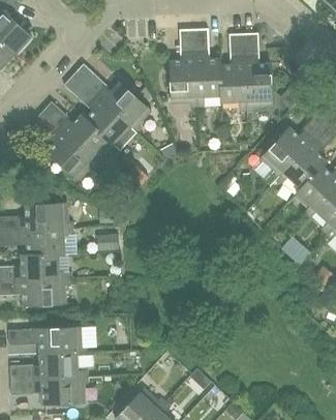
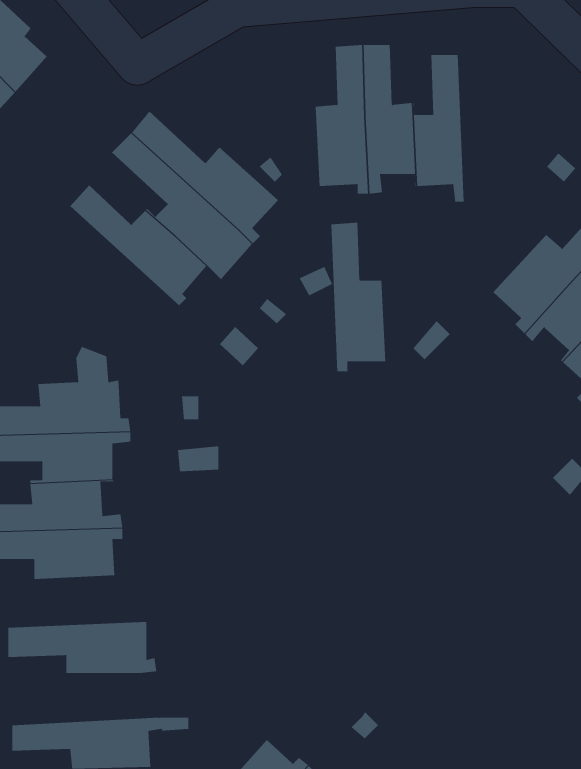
building: [243,33,272,111] -> [330,222,386,372]
building: [32,113,98,180] -> none
building: [10,355,88,382] -> none

